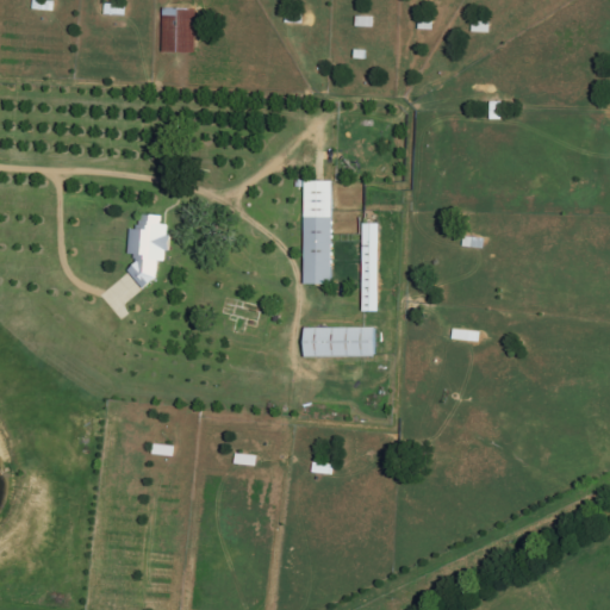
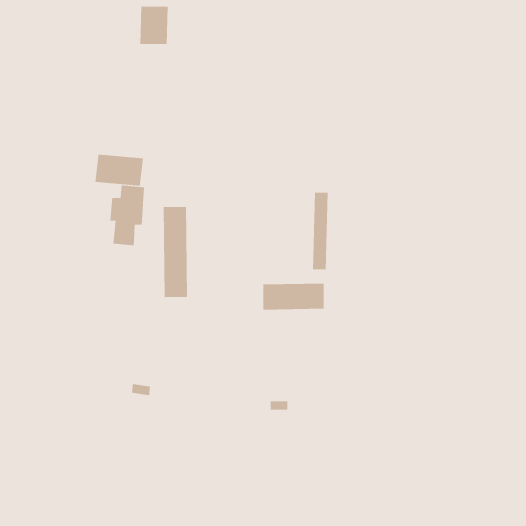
building: none -> [95,154,144,186]
building: [303,179,331,284] -> [163,207,188,297]

